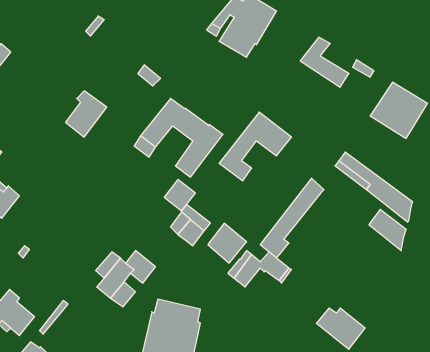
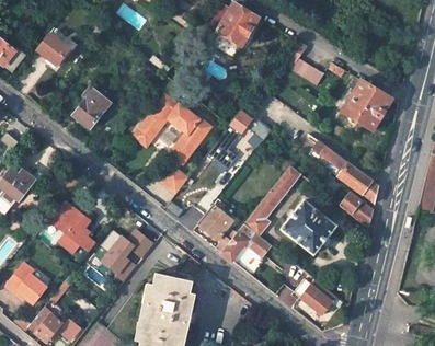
building: none -> [36,33,70,66]
building: none -> [48,200,94,253]
building: none -> [283,203,333,253]

